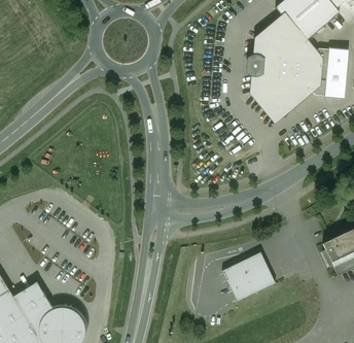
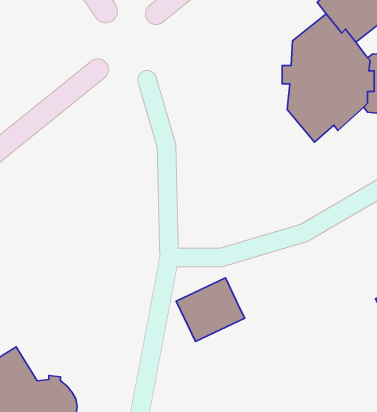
building: [220,251,275,302] -> [176,278,245,342]

